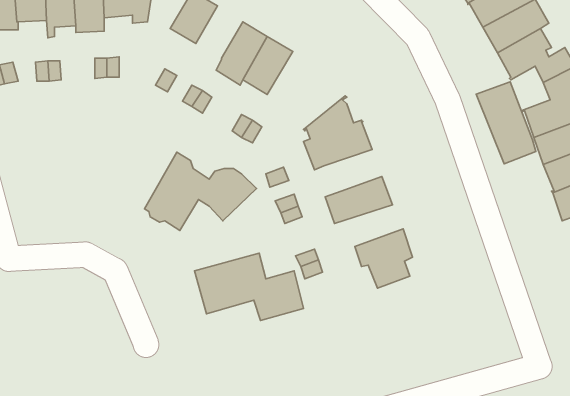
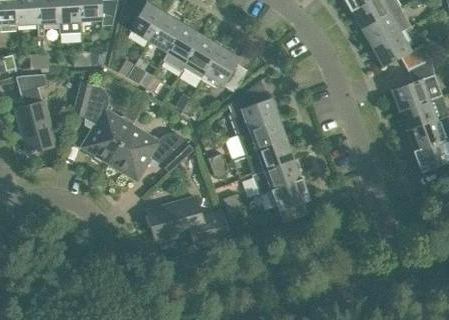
building: none -> [149,13,184,52]
building: none -> [202,47,248,92]
building: [476,82,536,164] -> none
building: none -> [16,74,56,154]
building: none -> [73,81,135,164]
building: none -> [237,120,287,155]
building: none -> [252,161,303,195]

